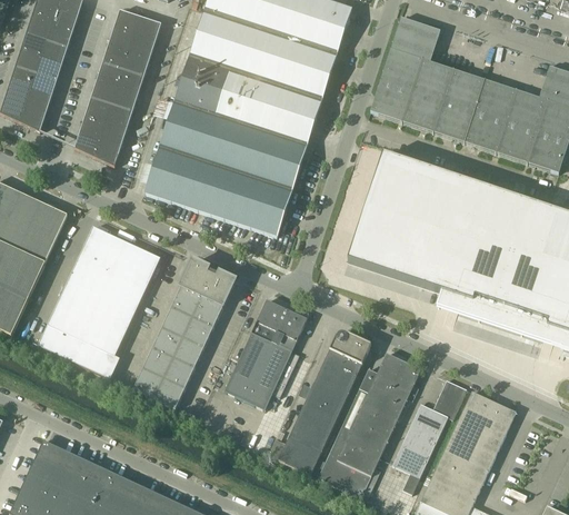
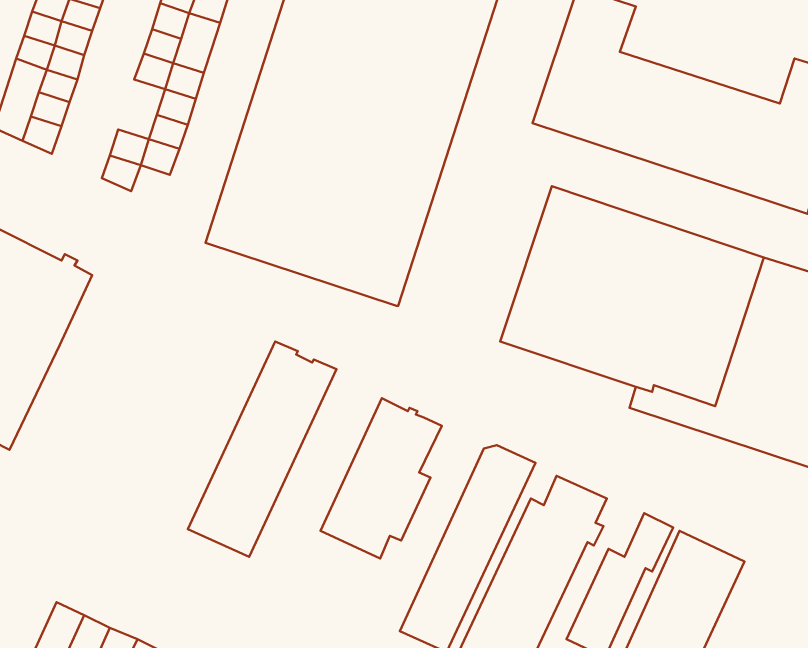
building: [84,79,117,120] -> none
building: [93,138,120,166] -> none
building: [38,225,160,377] -> none

